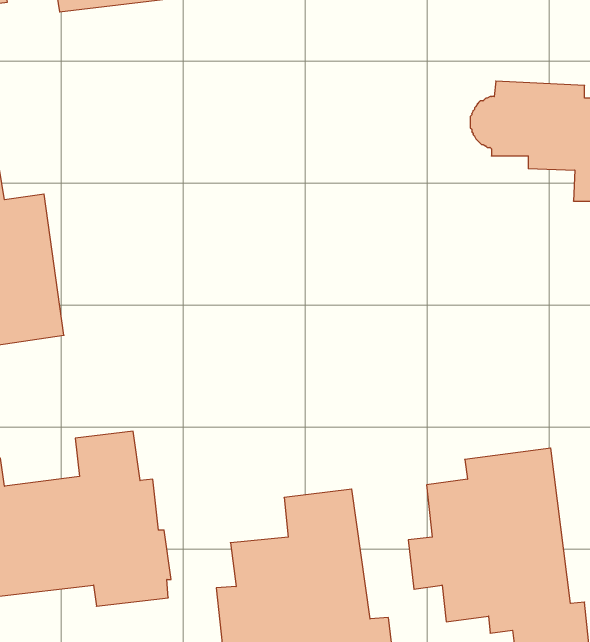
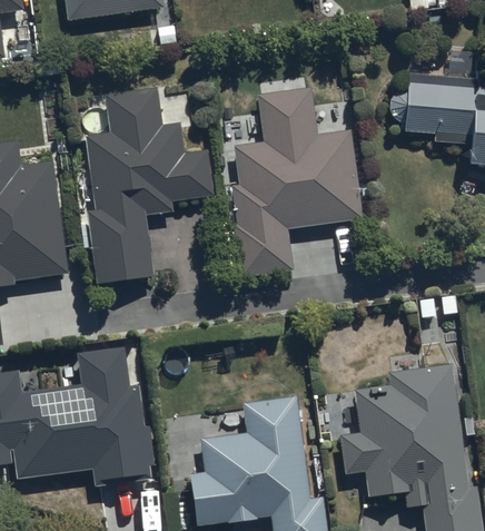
building: none -> [87,86,214,287]
building: none -> [230,87,362,275]

